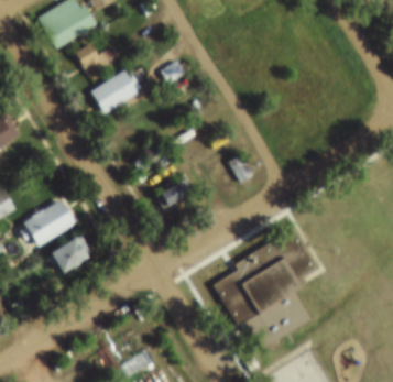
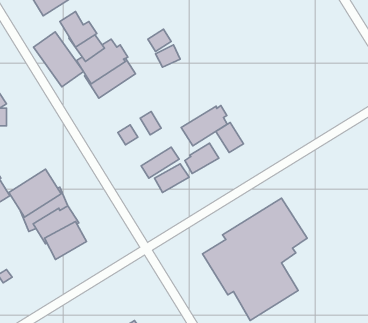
building: none -> [34,32,84,87]
building: none -> [181,106,227,146]
building: none -> [185,143,219,174]

